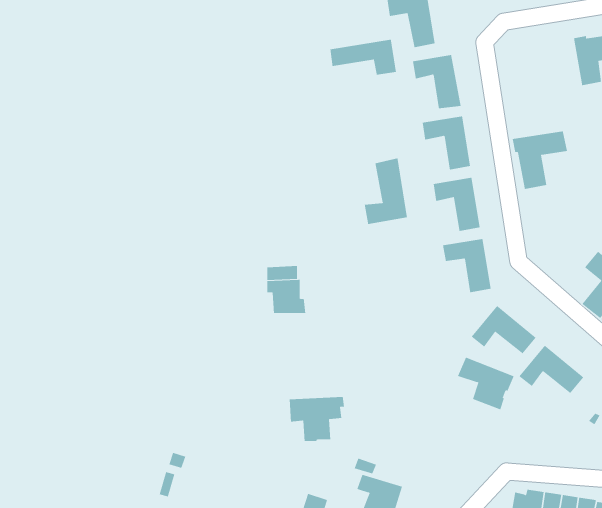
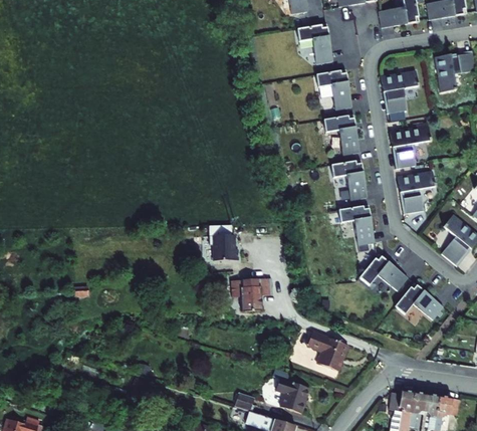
building: [330,39,396,76] -> none
building: none -> [381,70,419,113]
building: [364,157,408,225] -> none
building: none -> [398,171,435,213]
building: [457,357,514,410] -> [306,332,348,371]
building: [289,396,345,441] -> [231,278,272,311]

